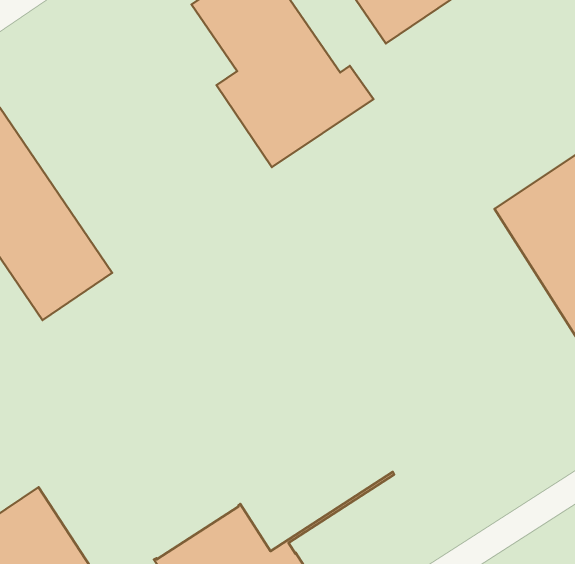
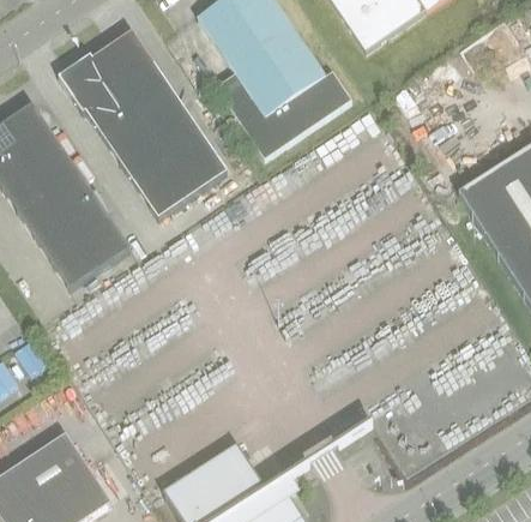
building: none -> [58,29,227,216]

